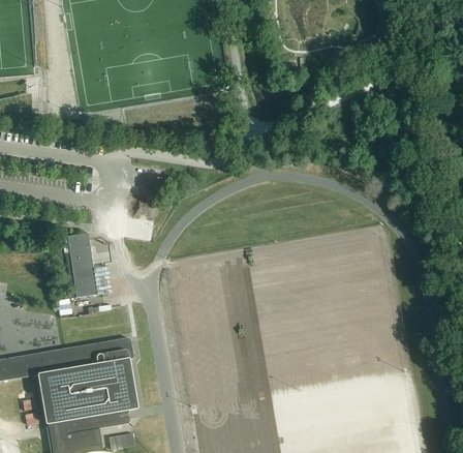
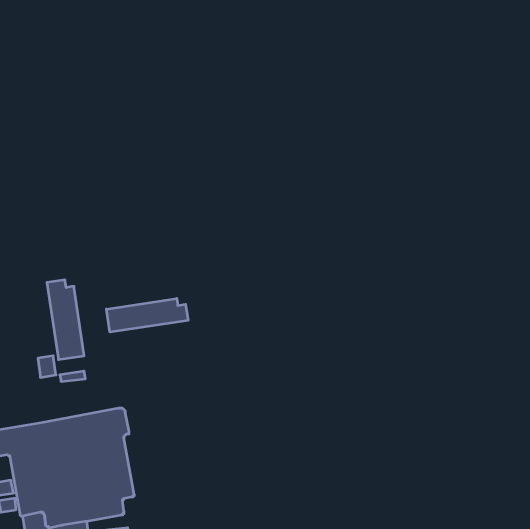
building: none -> [106,298,188,332]

